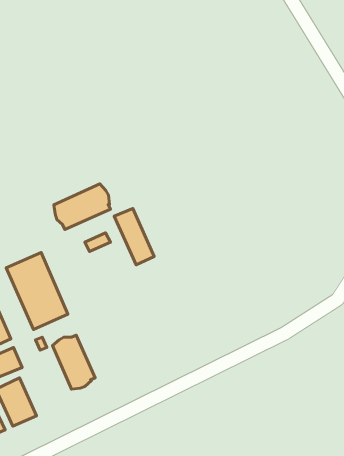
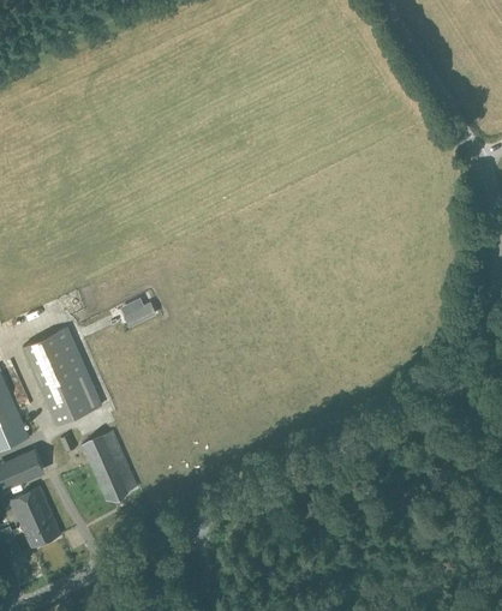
building: [54,184,110,229] -> none
building: [114,209,154,265] -> none

